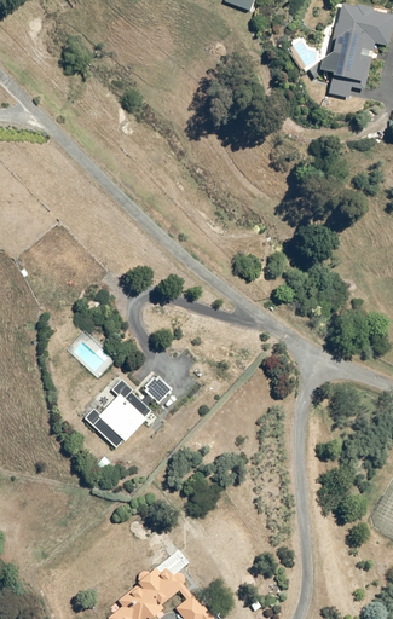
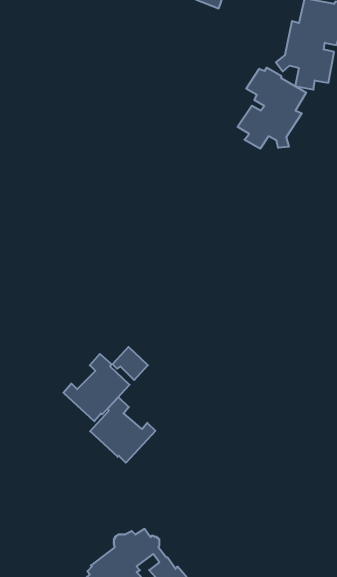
building: none -> [238,68,306,149]
building: none -> [90,397,155,463]

